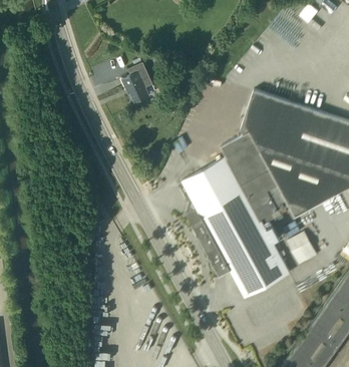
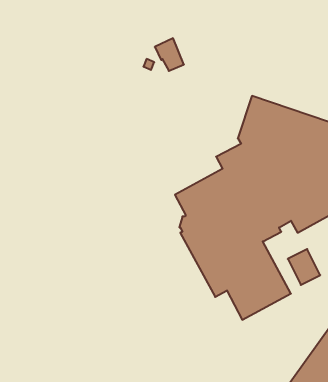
building: [121,70,148,100] -> [155,38,184,71]

